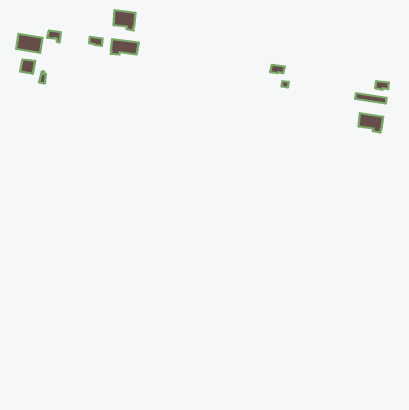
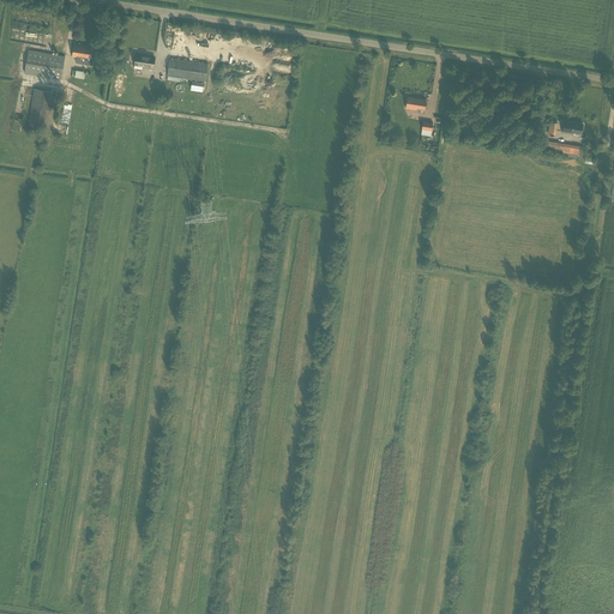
building: [113,10,136,31] -> none
building: [358,113,383,133] -> none

